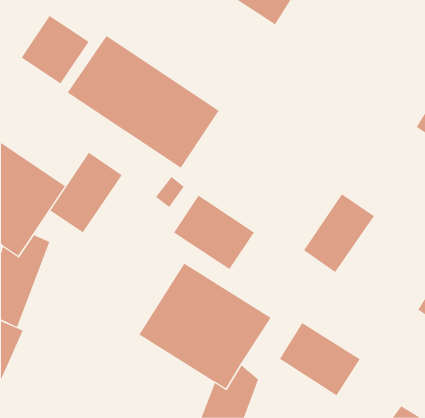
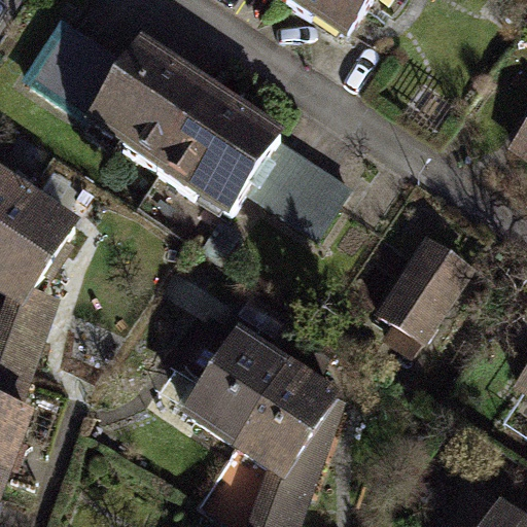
building: [49,152,122,233] -> none
building: [173,195,255,270] -> [242,137,343,230]
building: [279,322,360,396] -> none

